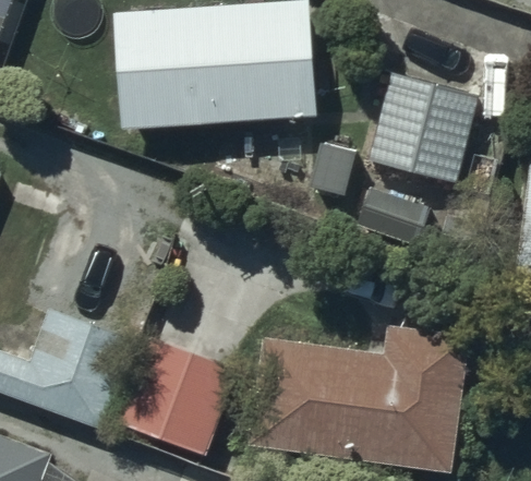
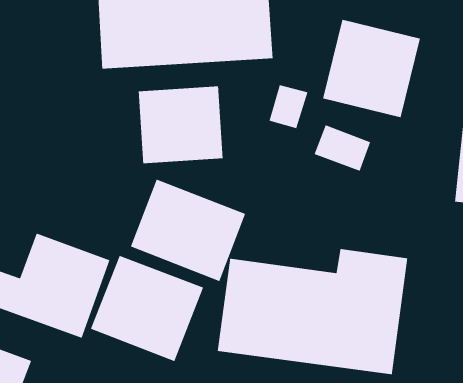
building: none -> [138,86,223,164]
building: none -> [130,178,246,282]

